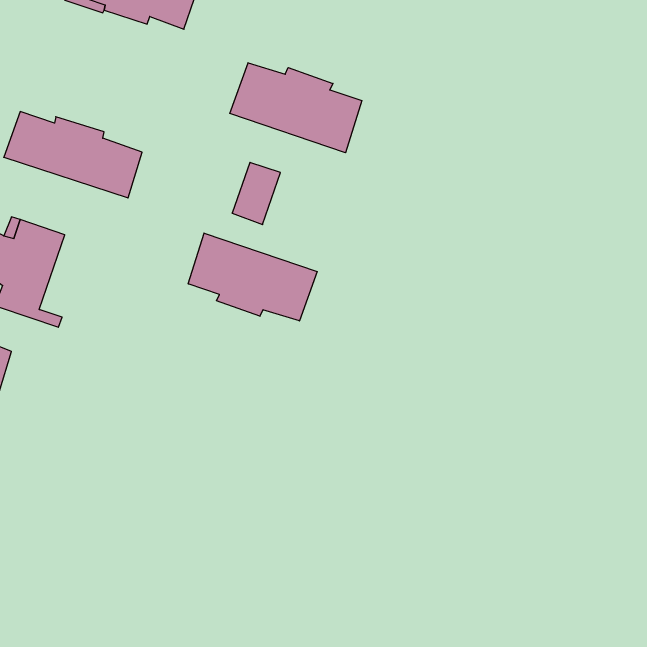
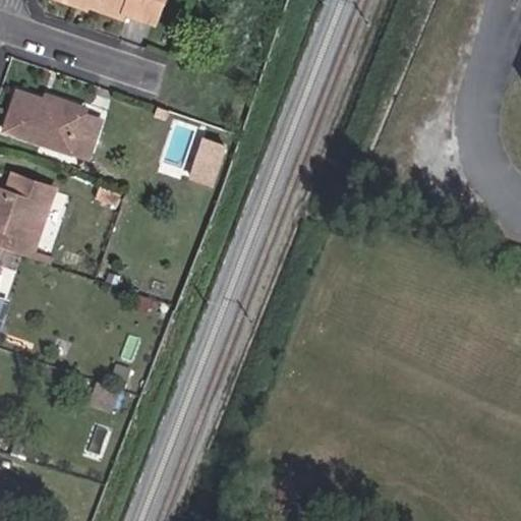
building: [230,63,362,153] -> none
building: [188,233,317,321] -> none

